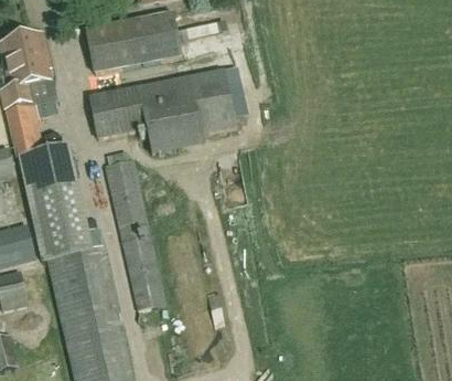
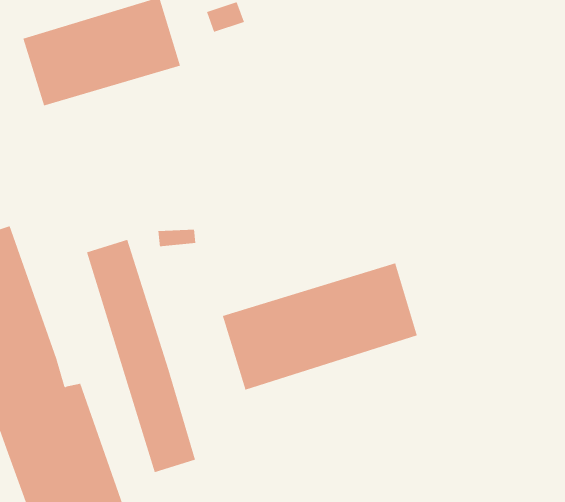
building: [89,65,246,144] -> none
building: none -> [222,263,417,390]

